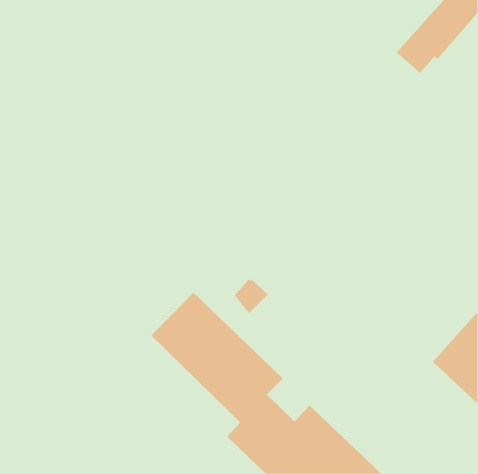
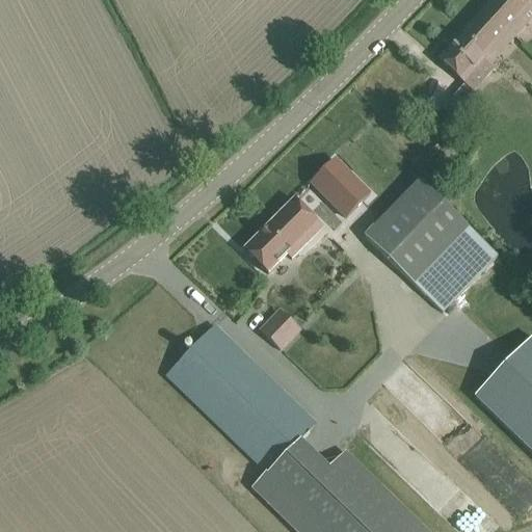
building: none -> [311,157,369,216]
building: none -> [365,180,496,311]
building: none -> [244,197,326,272]

